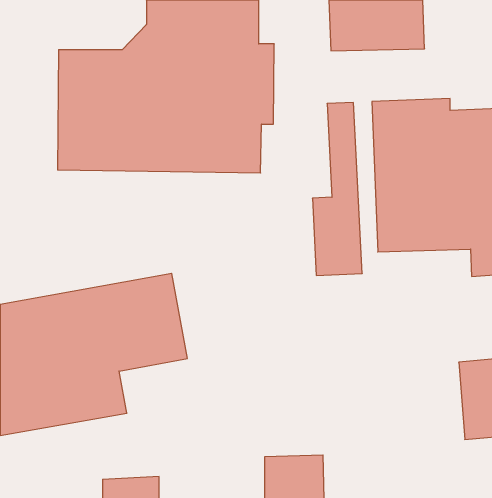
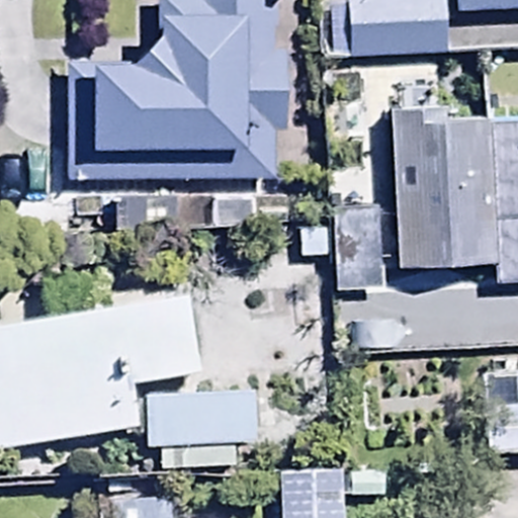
building: none -> [145,390,258,474]

